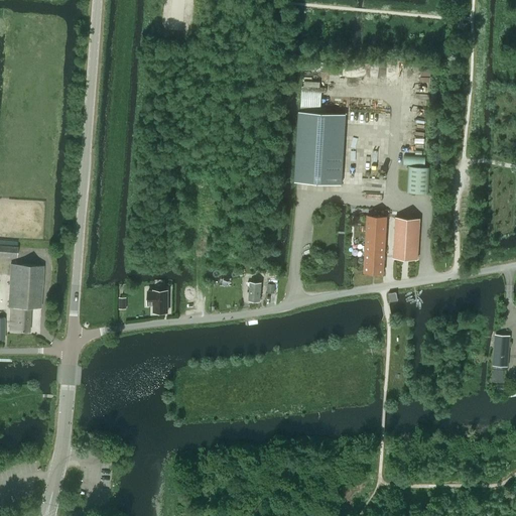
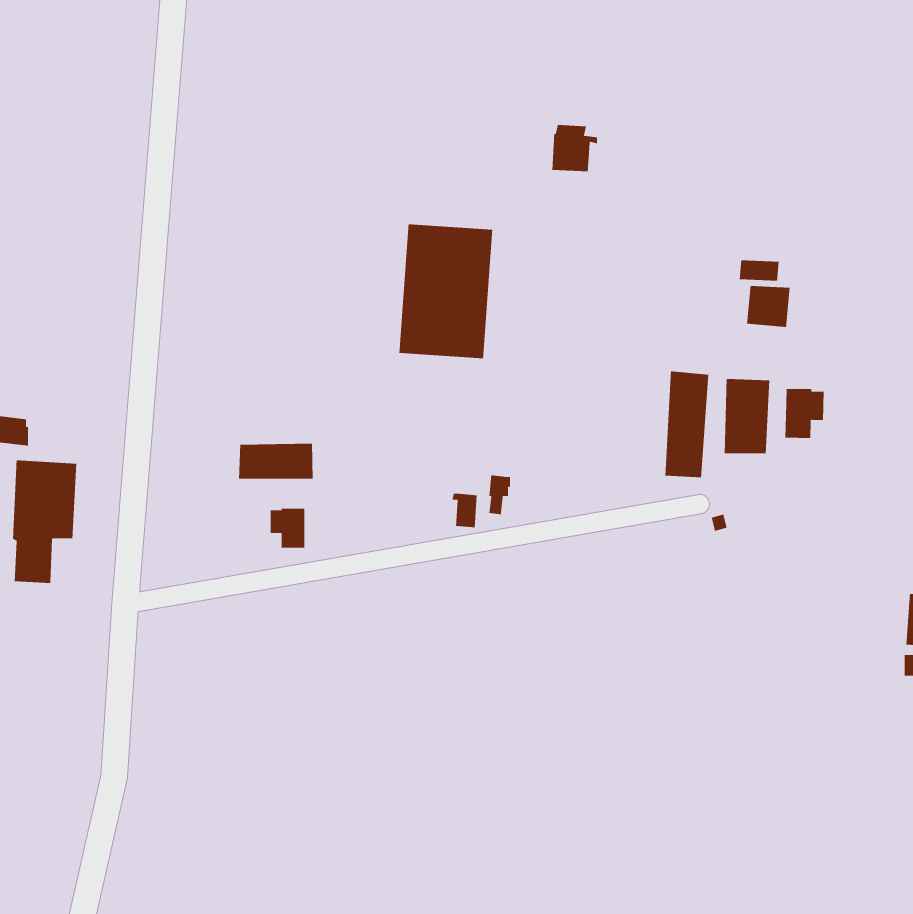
building: [294,112,346,185] -> [399,224,493,359]
building: none -> [785,388,824,439]
building: none -> [238,443,313,480]

